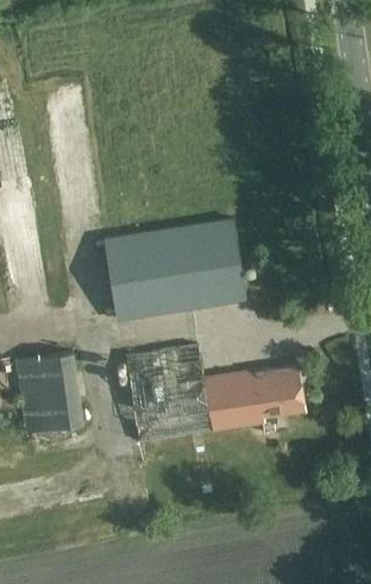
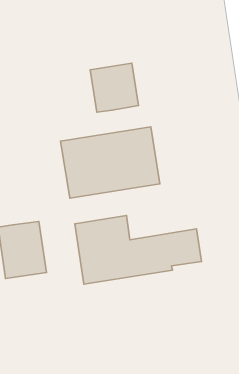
building: none -> [90,63,138,112]

